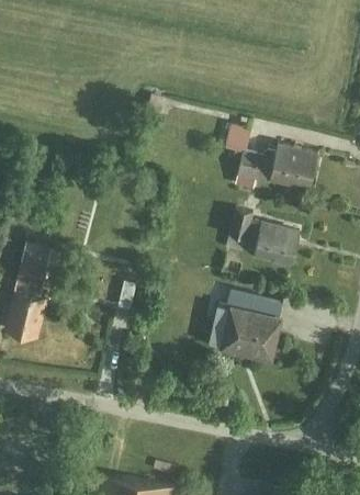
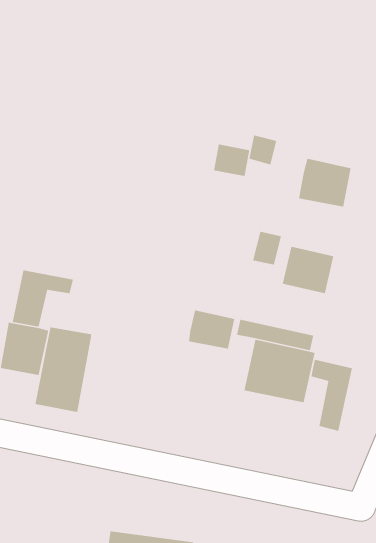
building: [238,153,271,182] -> [213,143,250,177]
building: none -> [188,310,235,349]
building: none -> [35,326,92,413]
building: none -> [311,359,353,432]

